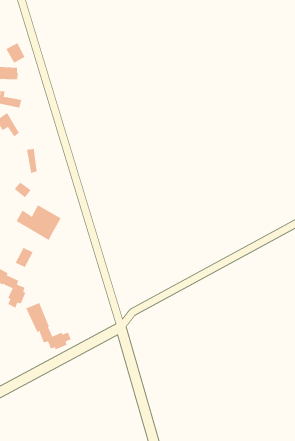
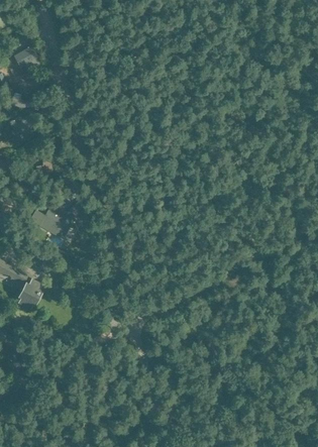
building: [26,302,72,350] -> none

